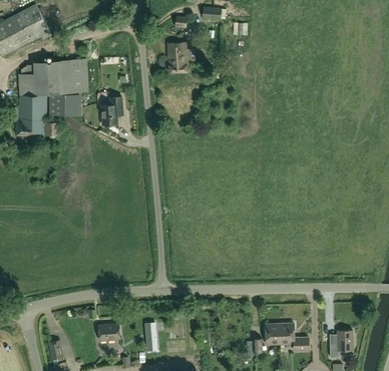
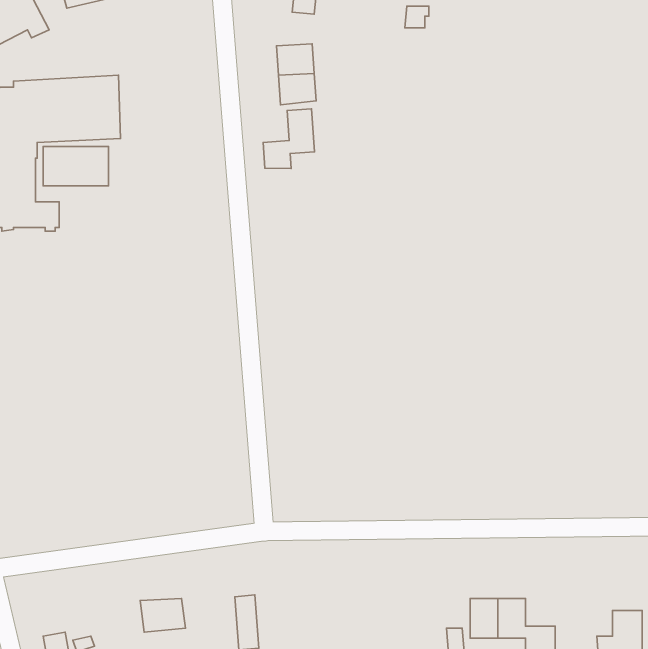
building: none -> [263,109,314,169]
building: [100,96,121,125] -> none

